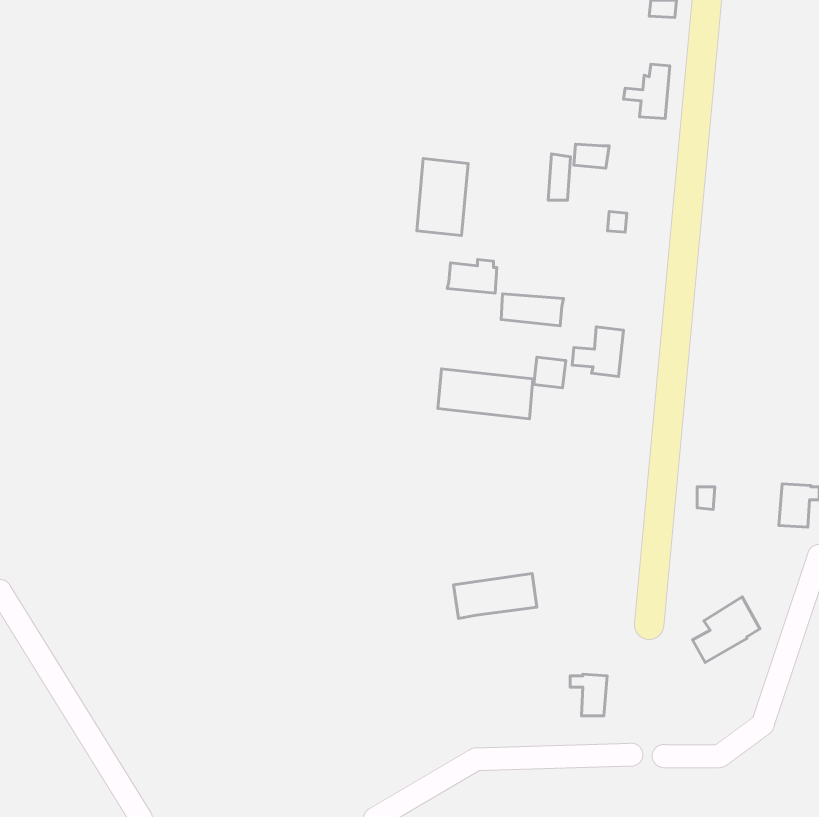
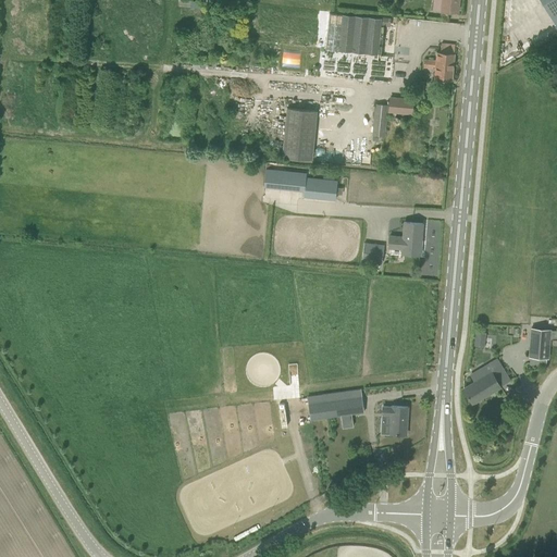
building: none -> [325,14,382,55]
building: [501,294,564,326] -> [264,171,307,193]
building: [438,369,533,419] -> none
building: [692,597,760,662] -> [463,360,509,405]
building: [570,674,607,716] -> [383,407,408,435]

